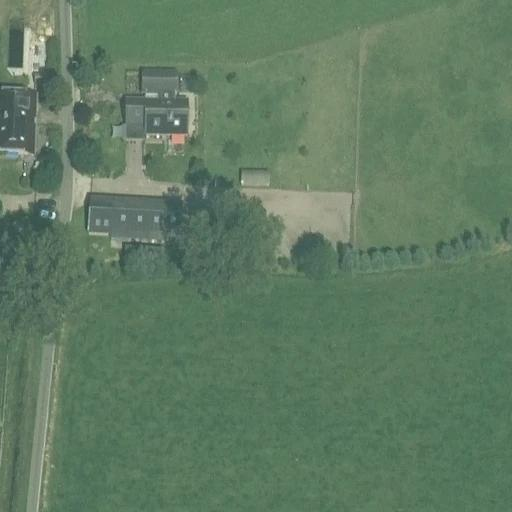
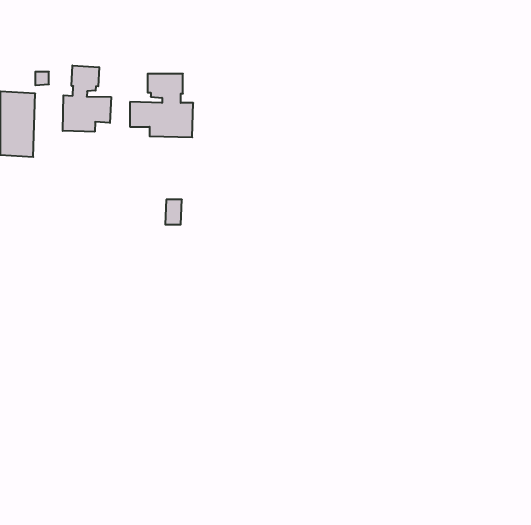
building: none -> [63,65,111,132]
building: [86,197,155,235] -> none

